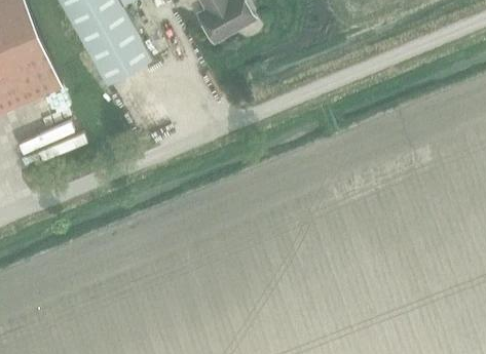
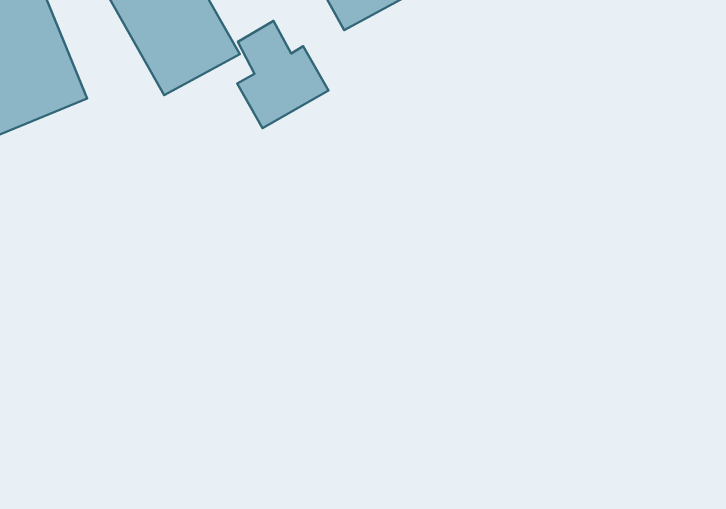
building: none -> [237,21,329,128]

